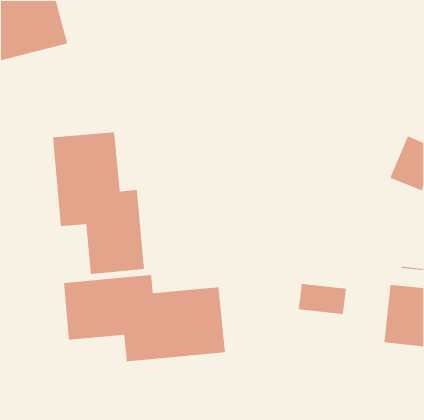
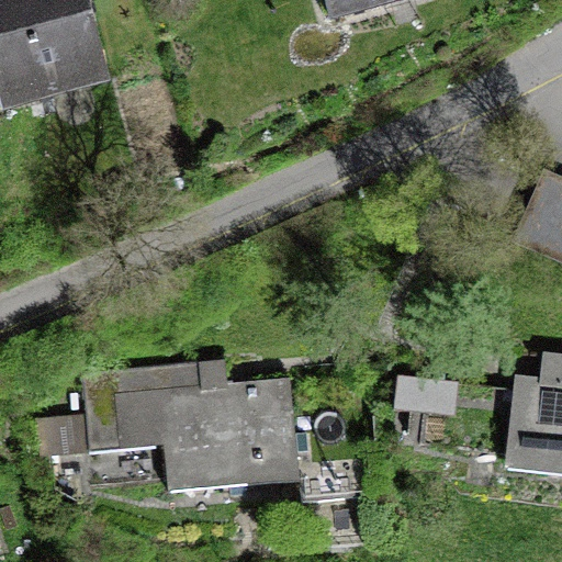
building: [52,132,145,275] -> none

